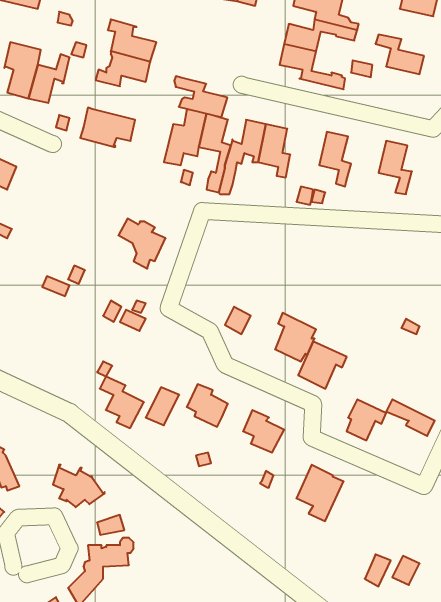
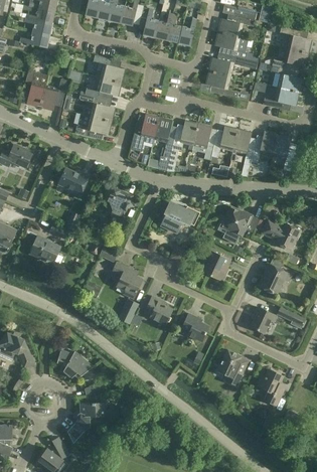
building: none -> [272,47,308,67]
building: none -> [263,86,299,109]
building: [174,76,227,117] -> [80,94,115,121]
building: none -> [210,126,237,160]
building: none -> [251,131,277,163]
building: none -> [58,168,89,193]
building: none -> [161,203,200,231]
building: none -> [225,209,259,241]
building: none -> [262,219,300,250]
building: none -> [30,235,63,264]
building: [298,342,347,389] -> [259,264,291,295]
building: [100,376,144,428] -> [113,263,142,297]
building: none -> [257,369,286,406]

